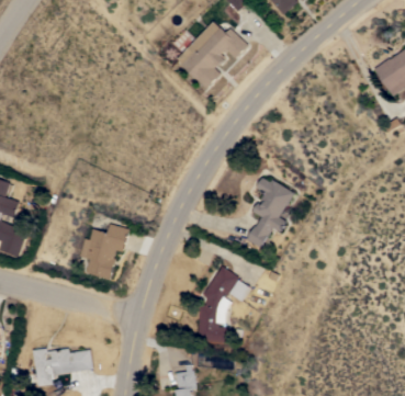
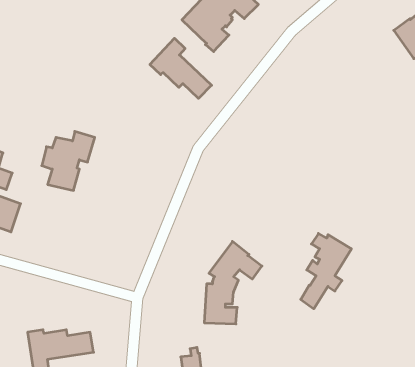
building: none -> [150,38,212,98]
building: [247,178,294,248] -> [301,233,351,309]
building: [80,224,130,279] -> [42,131,95,190]

